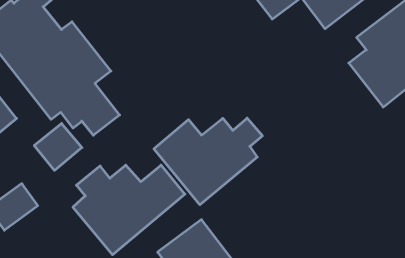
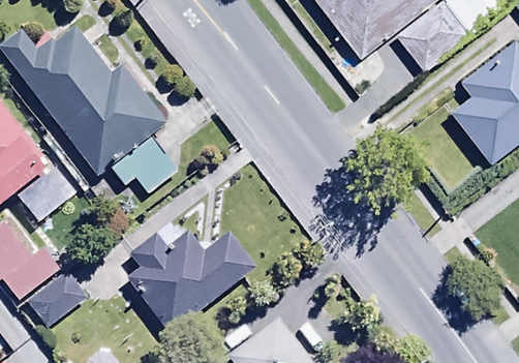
building: [154,118,262,205] -> none
building: [34,123,82,170] -> none

